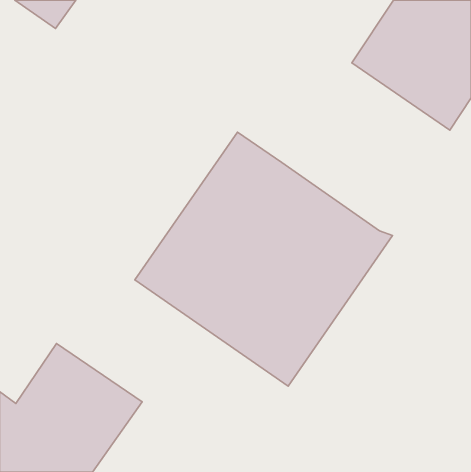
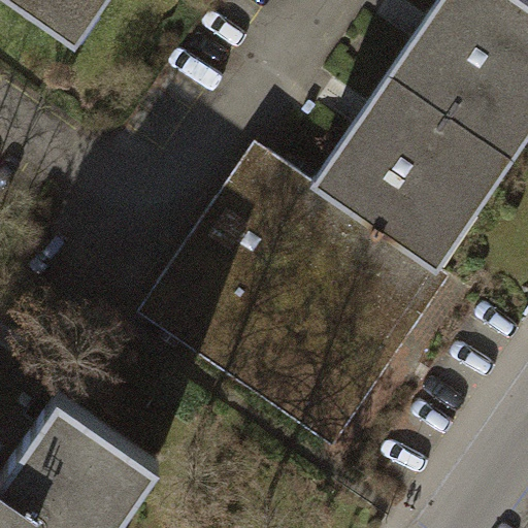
building: none -> [315,70,502,258]

